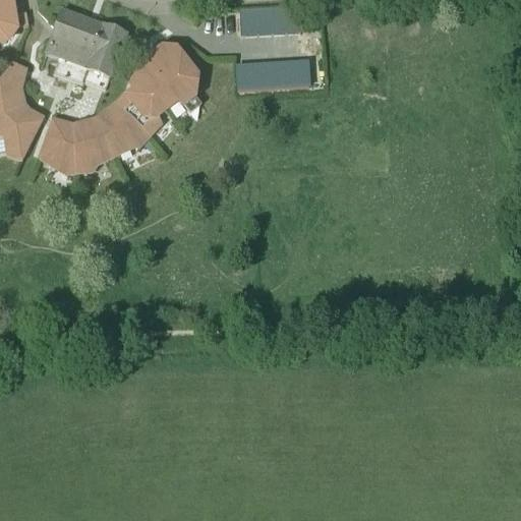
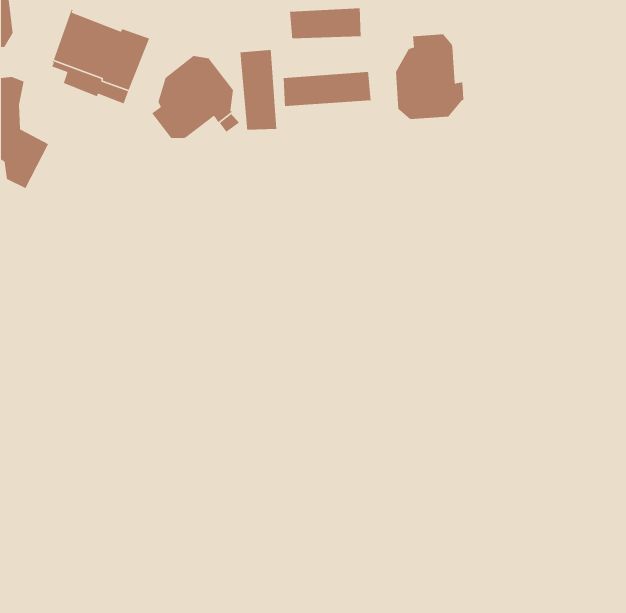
building: none -> [395,34,464,120]
building: none -> [240,49,277,130]
building: [39,94,160,171] -> none

